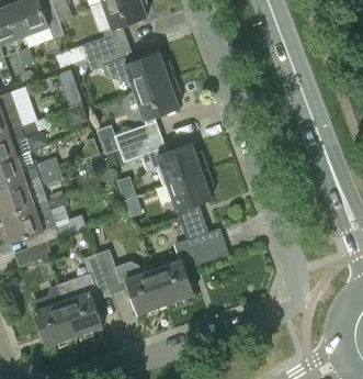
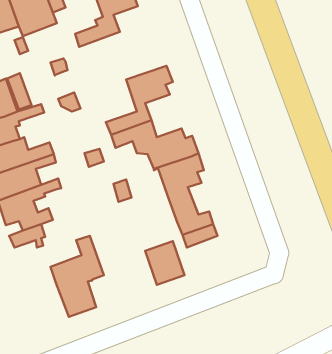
building: [86,43,175,92] -> none
building: [97,249,166,314] -> none
building: [31,286,75,347] -> none

